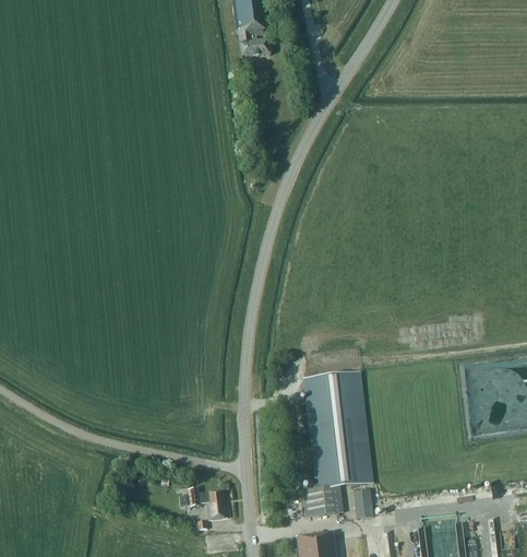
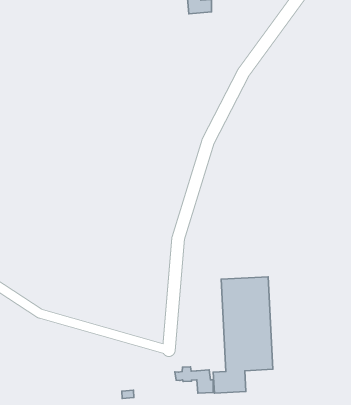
building: [179,487,227,519] -> [175,367,213,393]
building: [352,488,373,518] -> none

